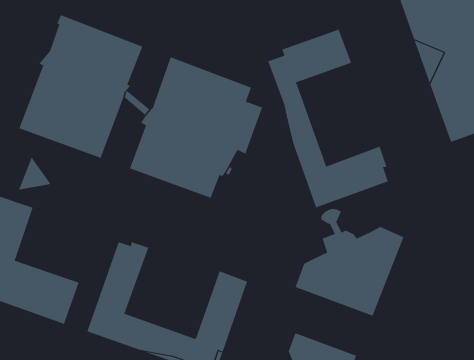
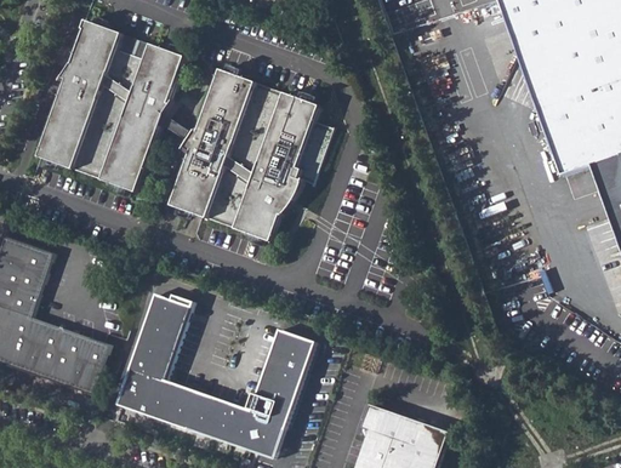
building: [268,29,389,208] -> none
building: [18,156,51,190] -> none
building: [295,208,404,317] -> none

